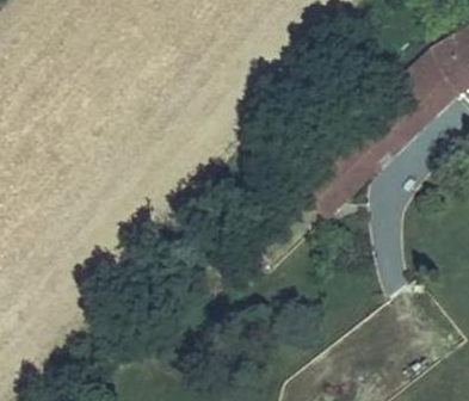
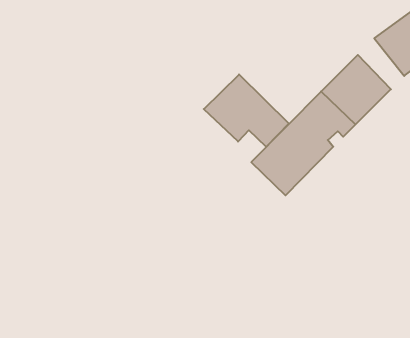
building: [401,63,451,118] -> none
building: none -> [204,74,289,147]

